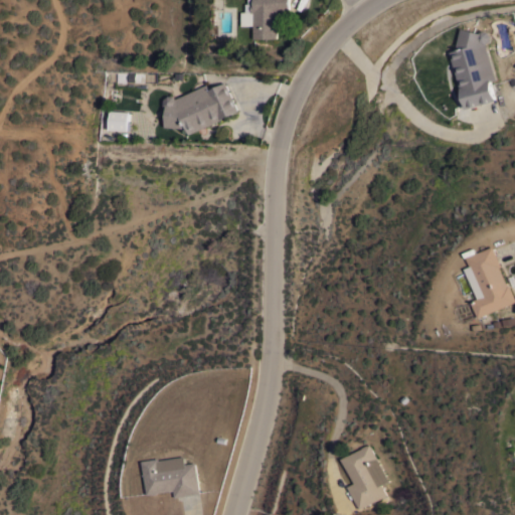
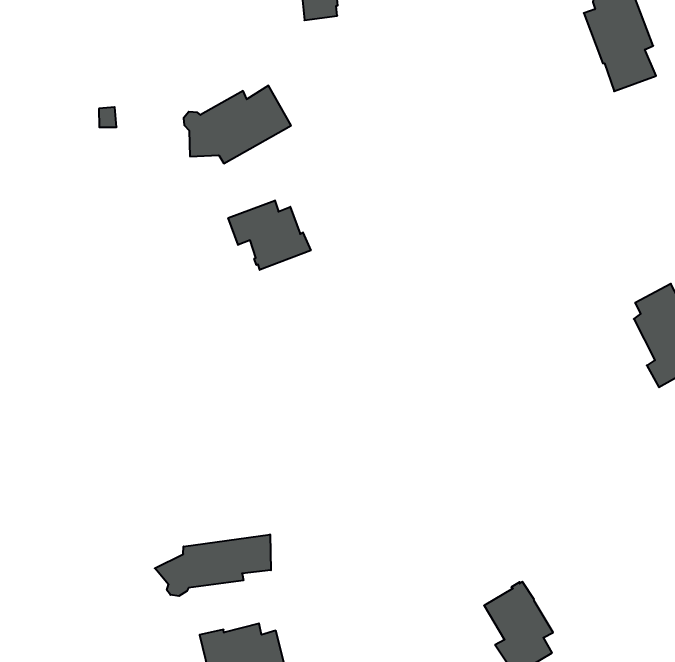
building: [109,112,129,132] -> none
building: none -> [228,200,311,270]
building: none -> [155,534,271,596]

